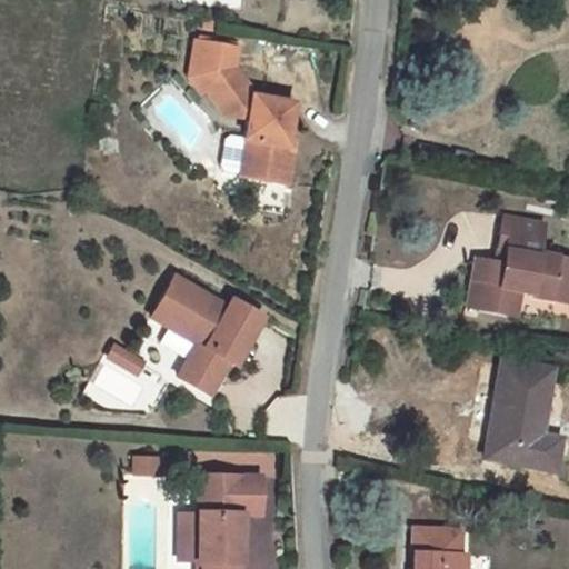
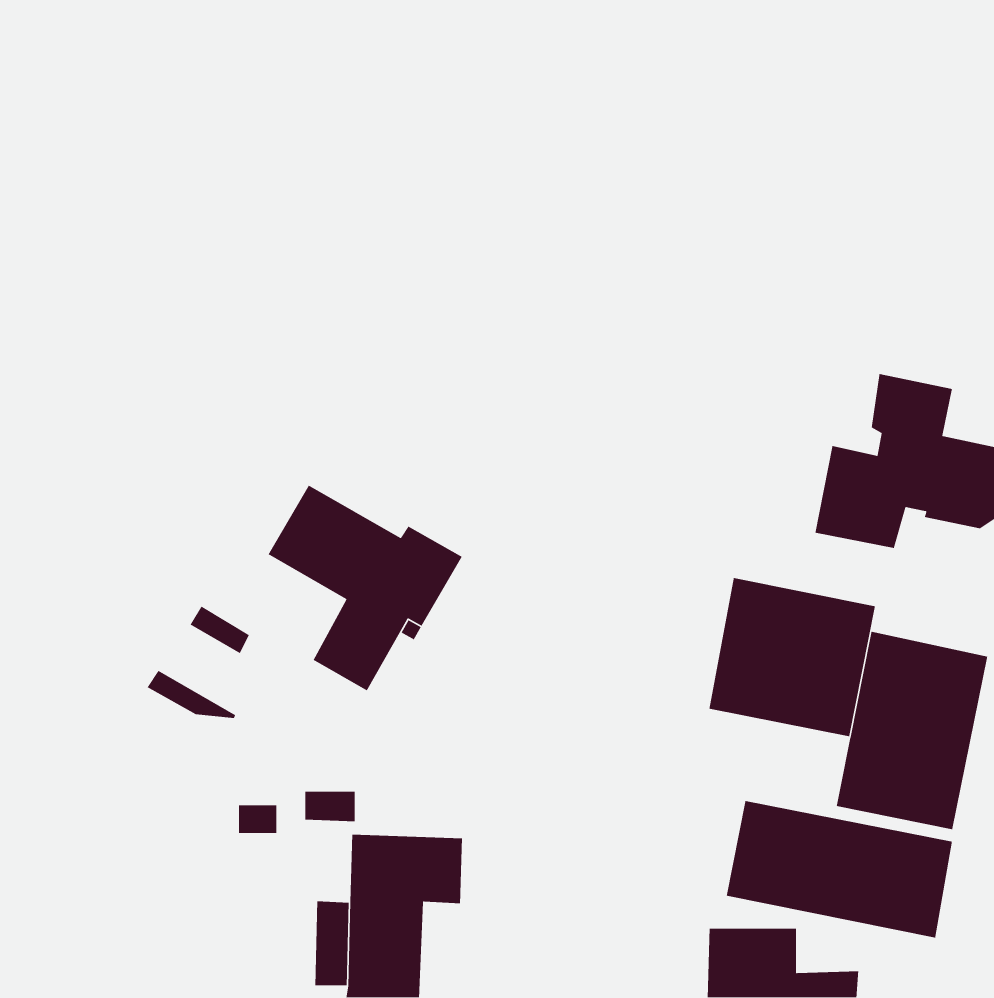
building: [194,42,300,184] -> none
building: none -> [709,577,876,737]
building: none -> [726,800,953,938]

